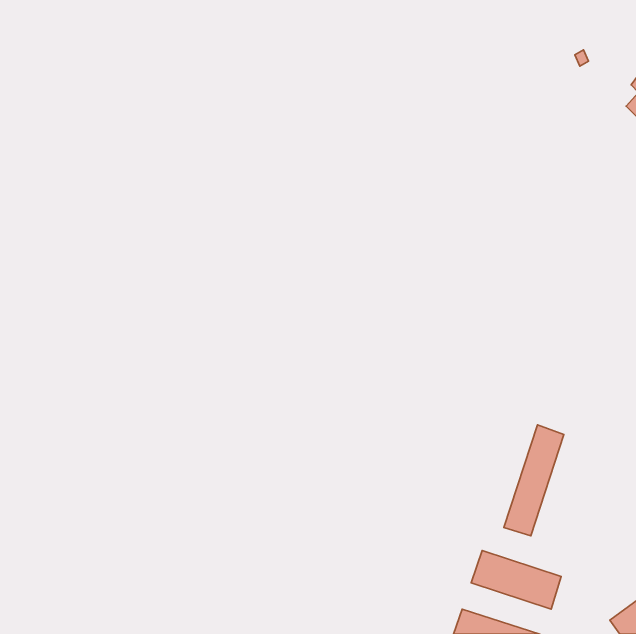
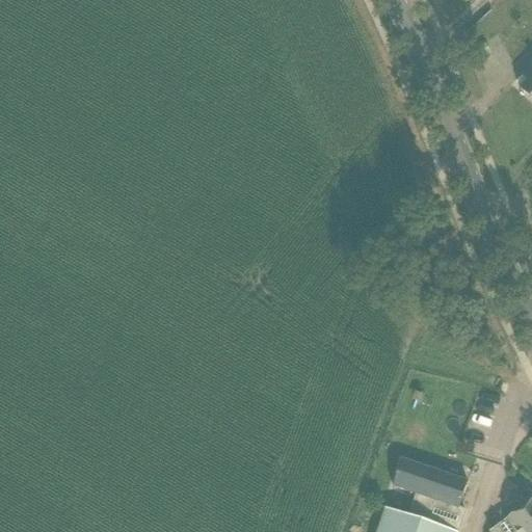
building: [504,425,564,536] -> none

